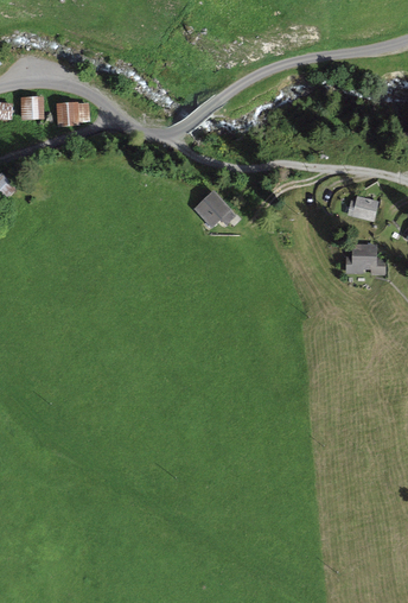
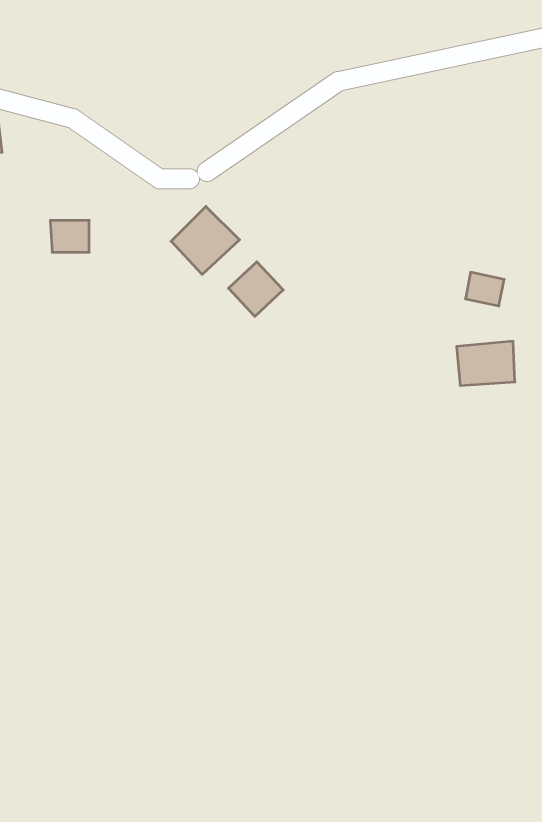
building: [57,103,83,125] -> [50,220,89,252]
building: none -> [171,206,240,274]

